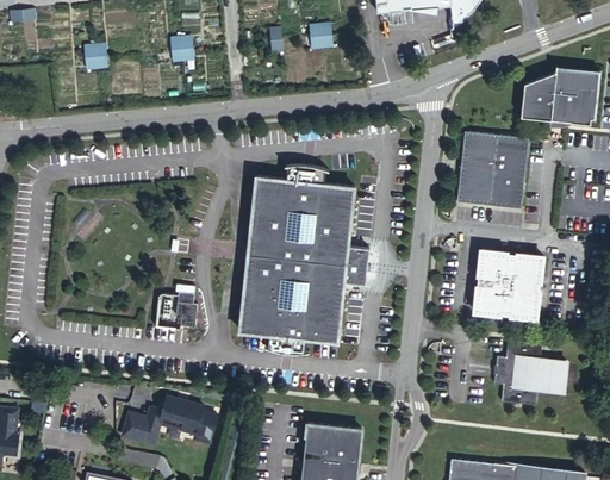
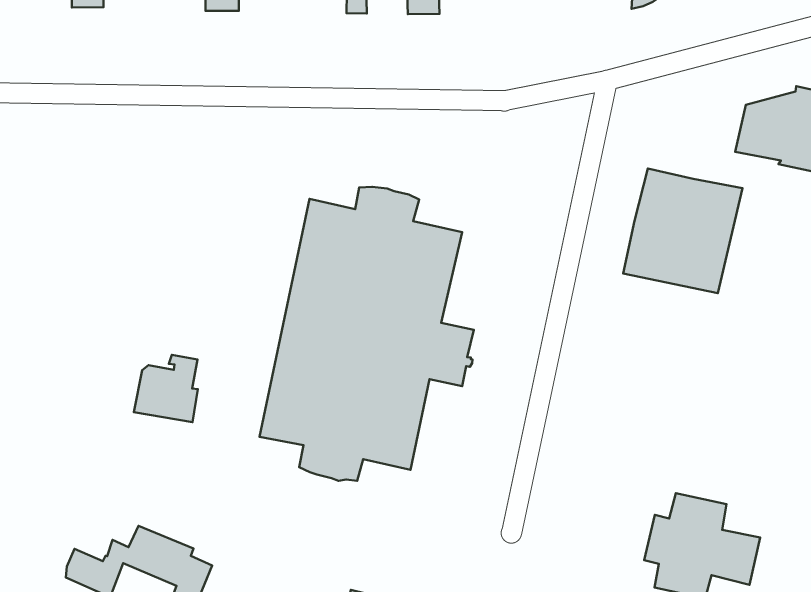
building: [478,248,544,317] -> none

